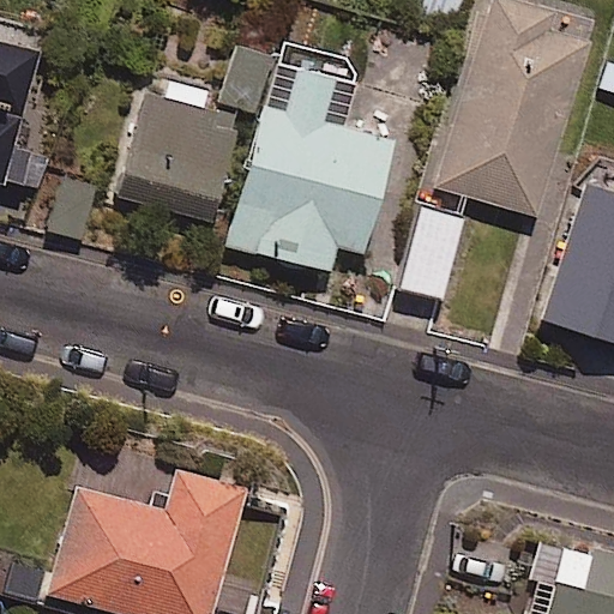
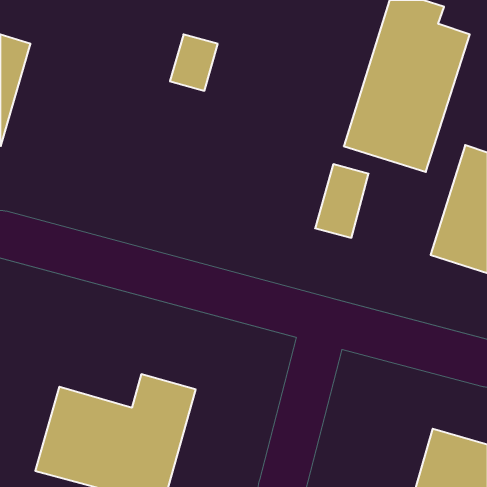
building: [228,43,395,273] -> none
building: [119,76,241,223] -> none

